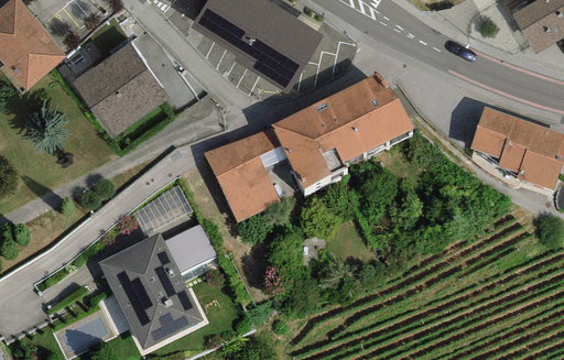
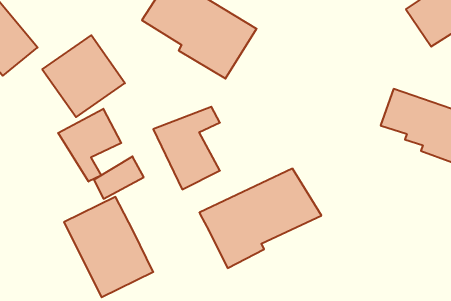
building: [270,73,413,189] -> [199,169,321,268]
building: none -> [58,109,121,182]
building: [163,223,216,273] -> none

